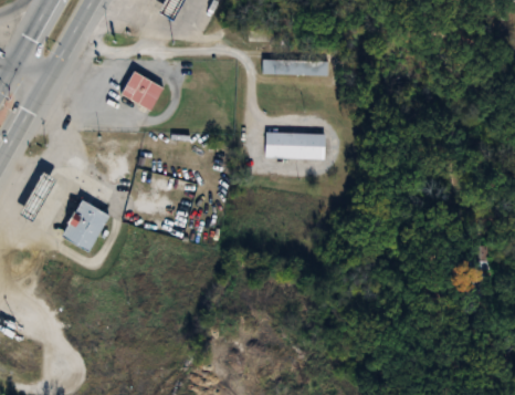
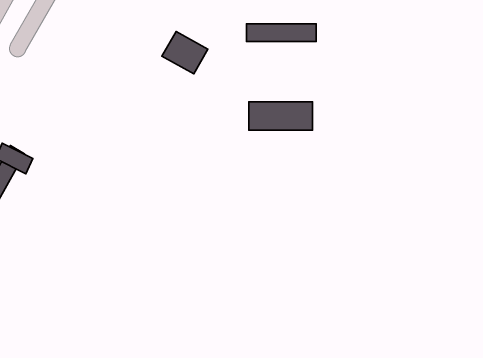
building: [122,71,165,111] -> [162,31,208,74]
building: [61,199,109,252] -> none

